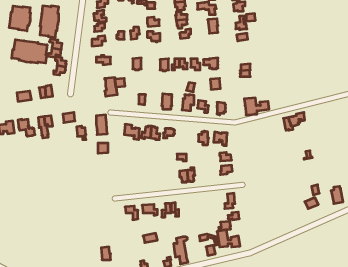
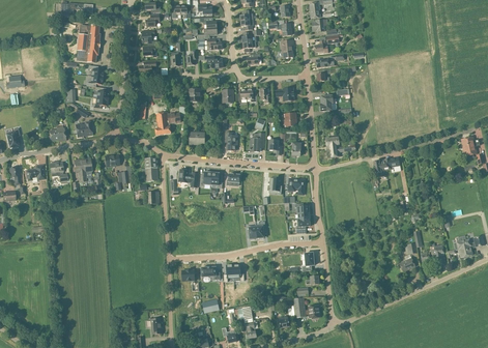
building: [9,6,31,31] -> none
building: [12,40,47,63] -> none

